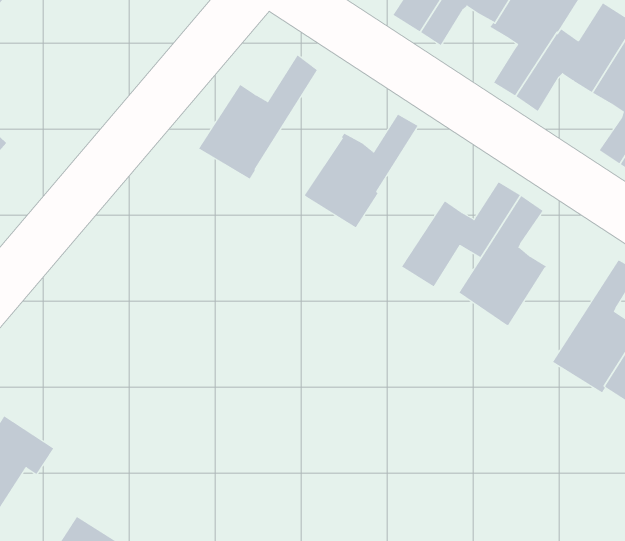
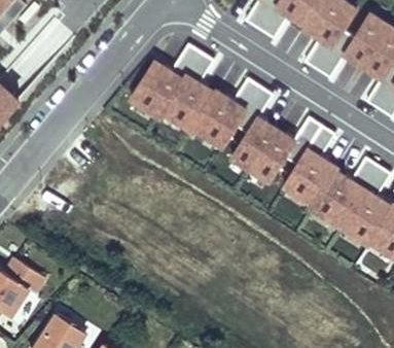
building: none -> [163,54,214,132]
building: none -> [230,86,275,170]
building: none -> [310,158,378,227]

